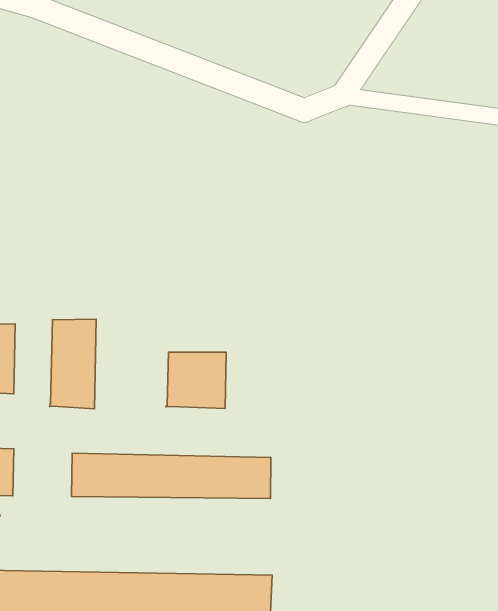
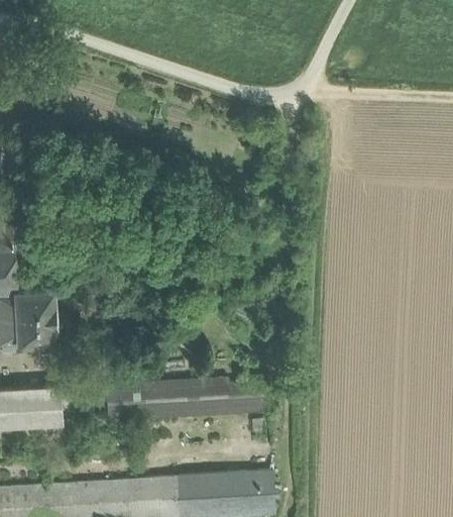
building: [49,319,96,409] -> none
building: [166,352,226,409] -> none

